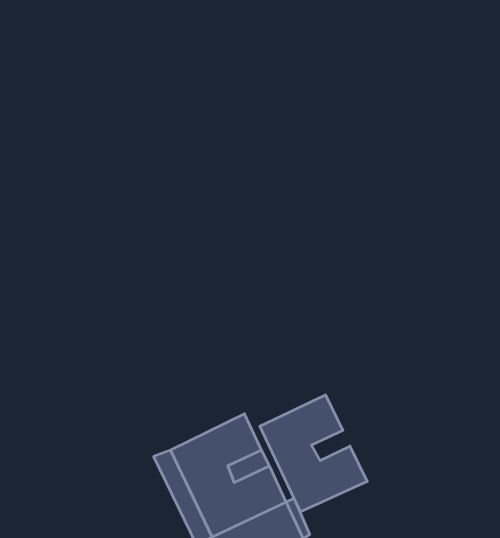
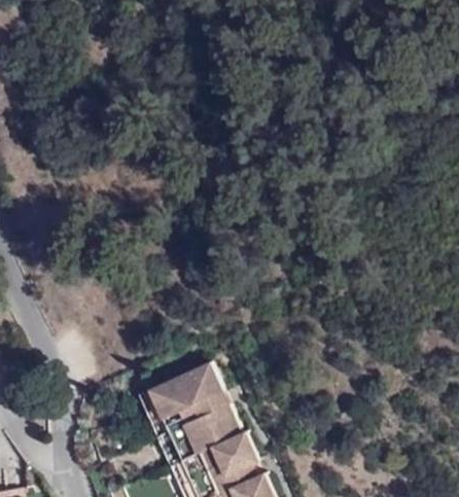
building: [260,395,367,512] -> none

